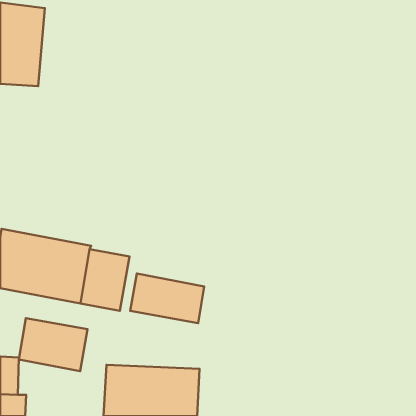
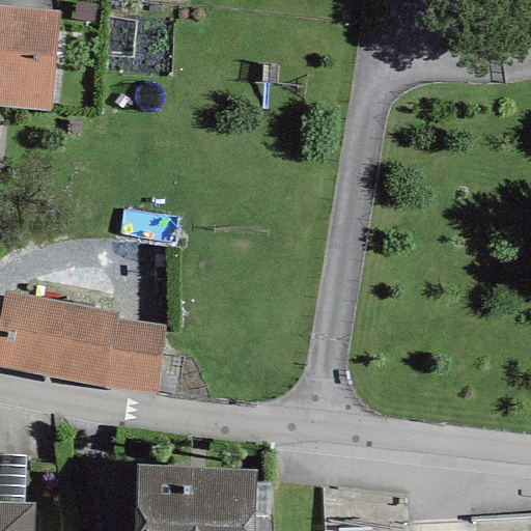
building: [130,274,204,323] -> none
building: [19,318,87,371] -> none

